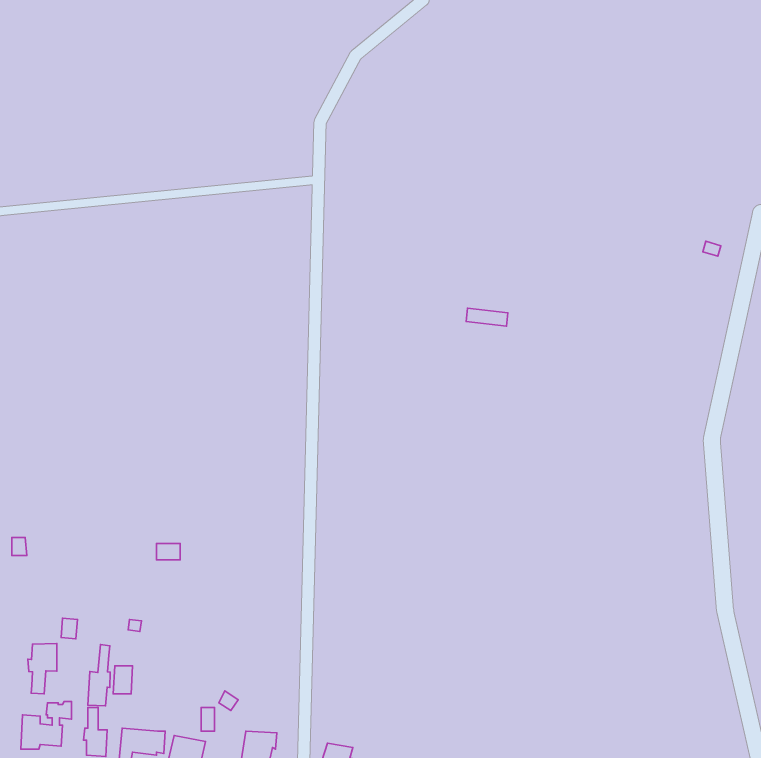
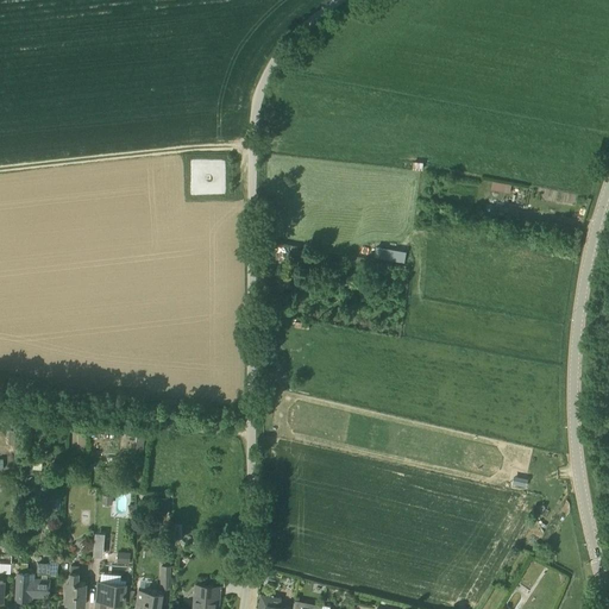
building: [28,644,57,694] -> none
building: [88,645,110,706] -> none

